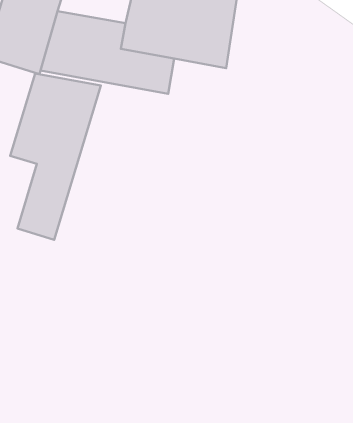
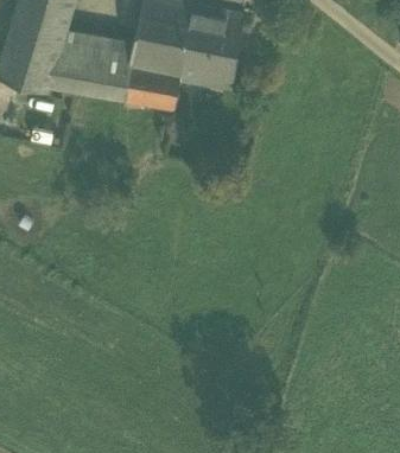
building: [10,74,101,240] -> none

